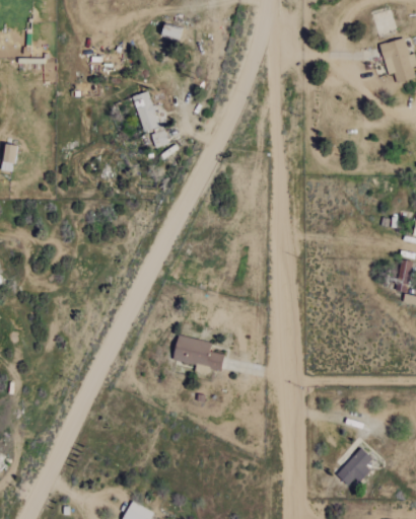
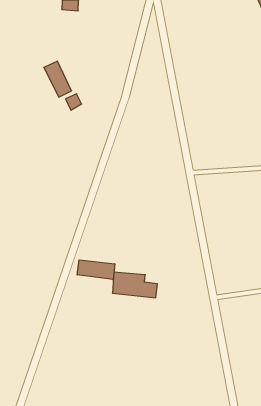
building: none -> [77,260,115,280]

